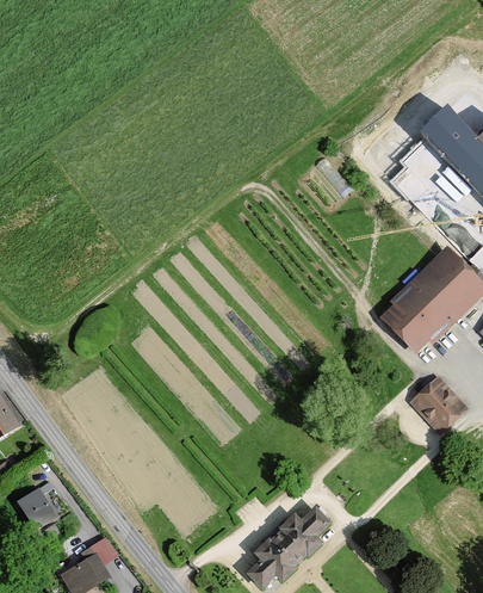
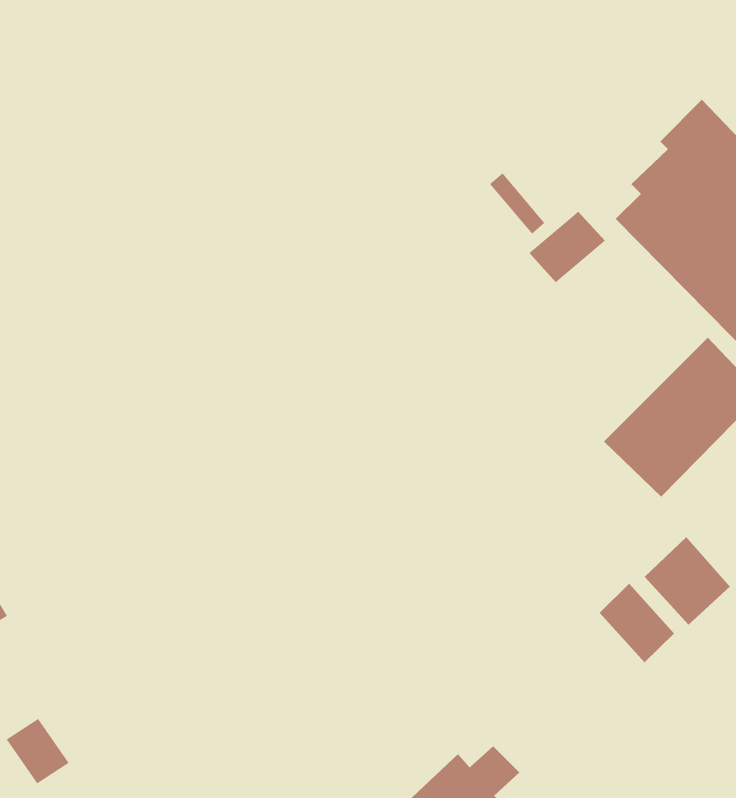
building: none -> [528,211,606,283]
building: none -> [599,583,675,663]

